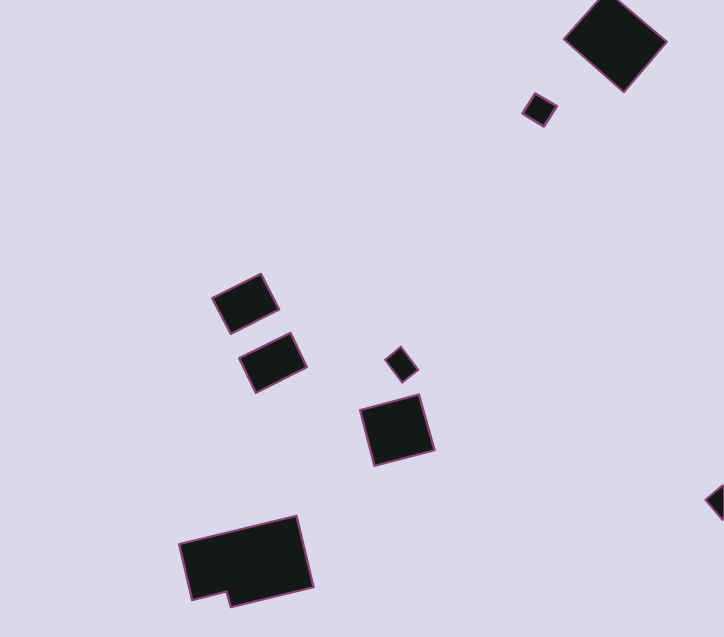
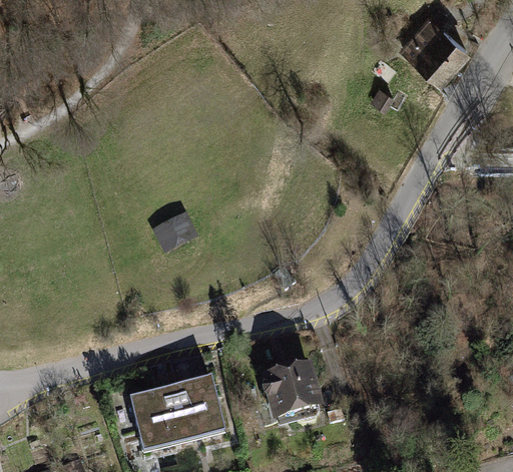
building: [239,333,307,393] -> none
building: [360,394,435,466] -> [269,368,321,418]

